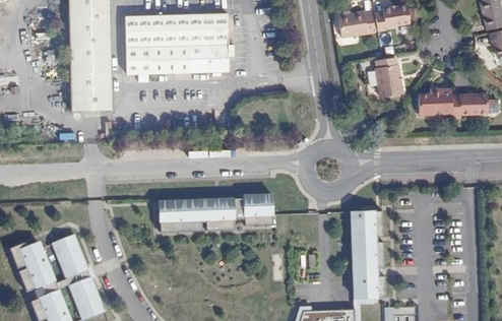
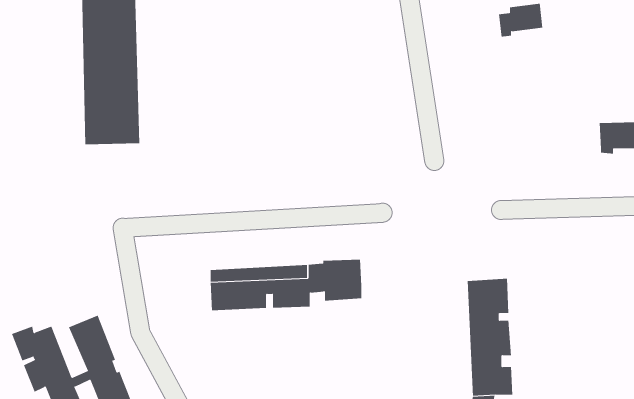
building: [338,10,374,36] -> none
building: [120,13,229,82] -> none
building: [374,56,401,94] -> none
building: [419,86,451,113] -> none

